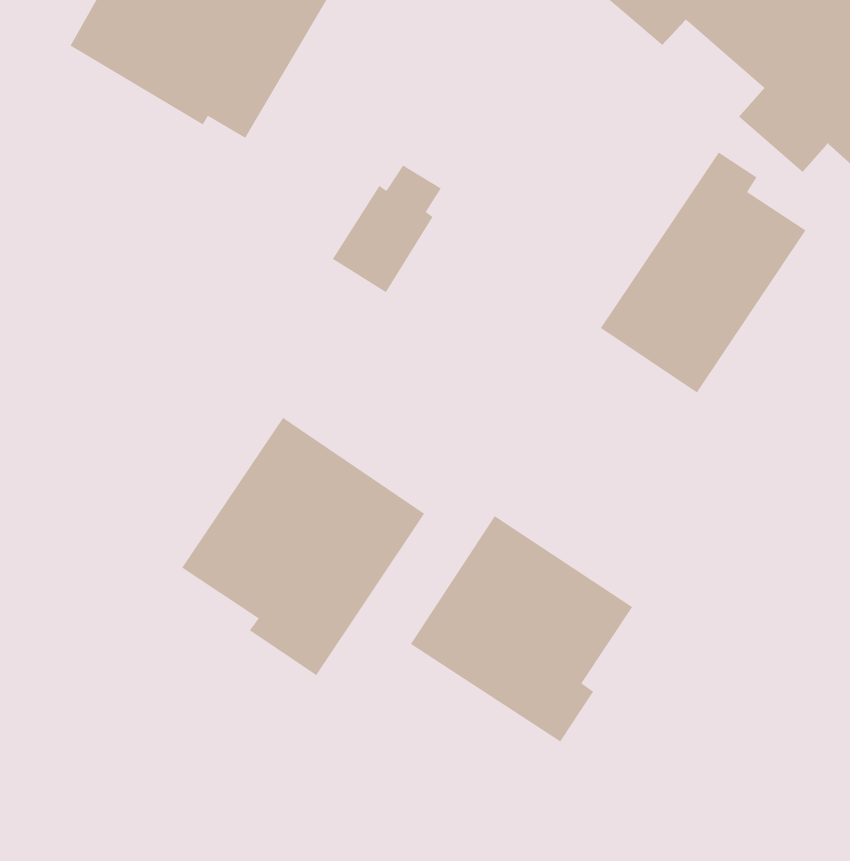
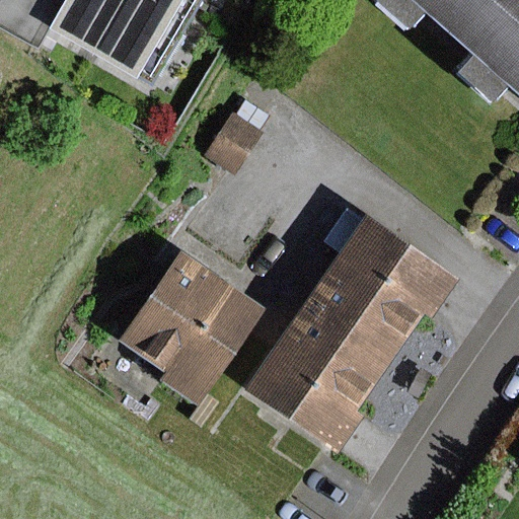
building: [600,152,807,394] -> none
building: none -> [305,206,459,363]

